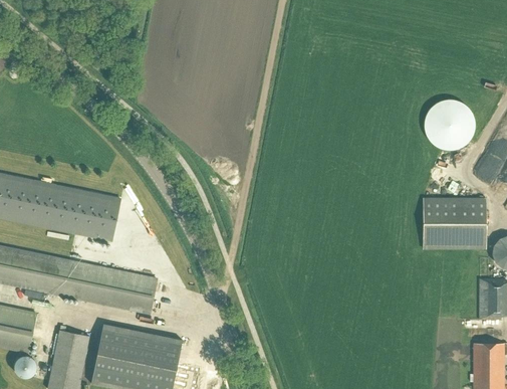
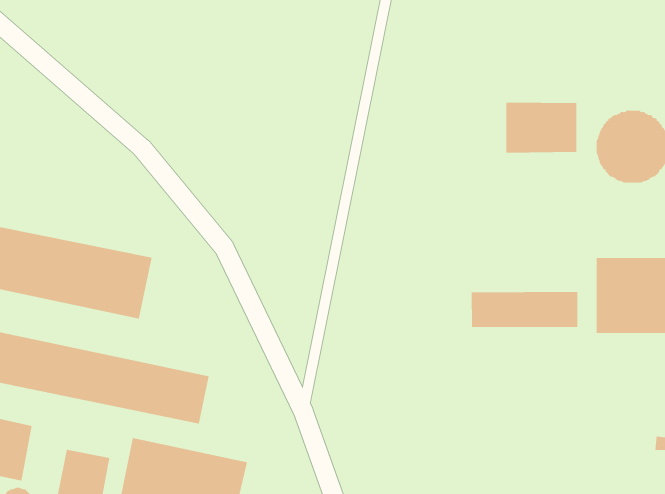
building: none -> [506,102,577,153]
building: none -> [471,291,578,328]

